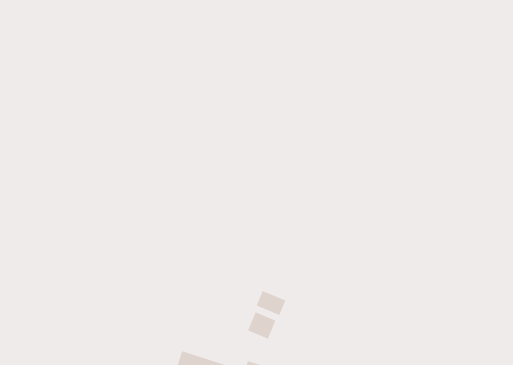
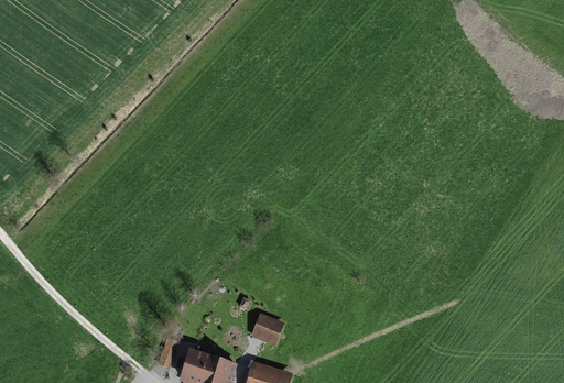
building: [256,290,286,316] -> none

